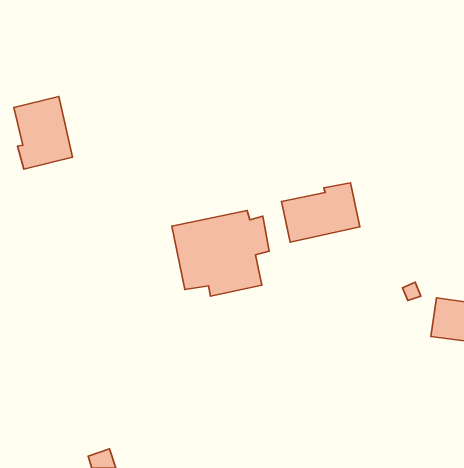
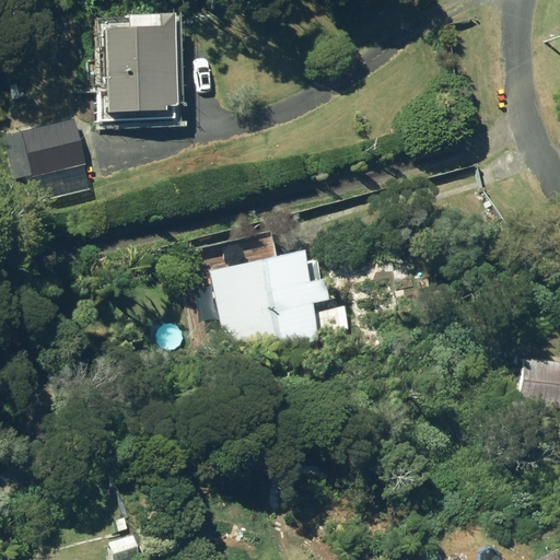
building: none -> [102,26,174,112]
building: [282,183,360,242] -> none

